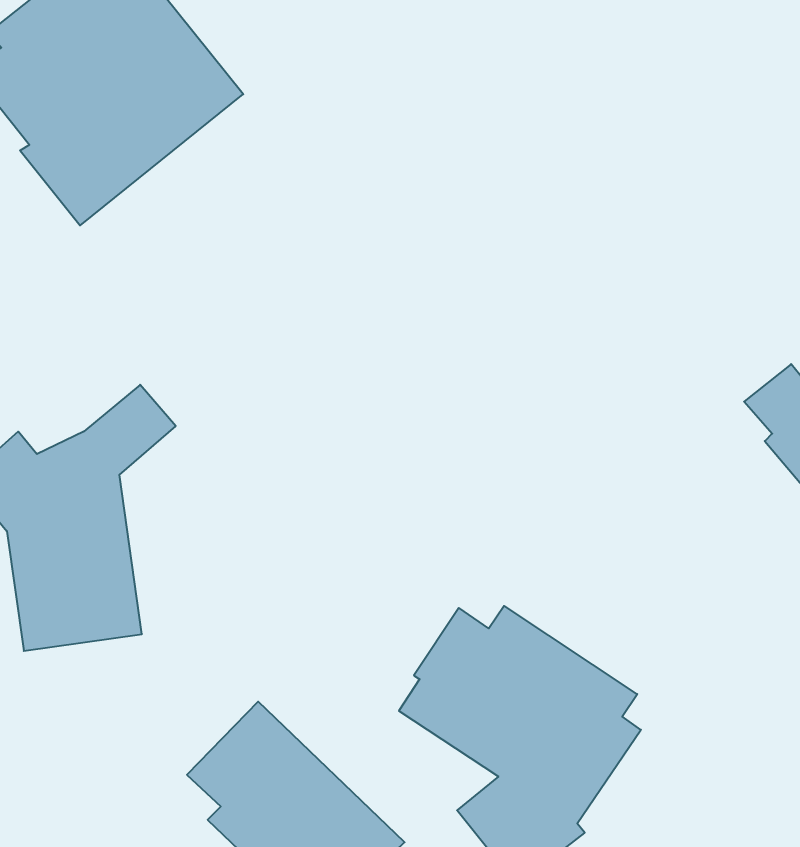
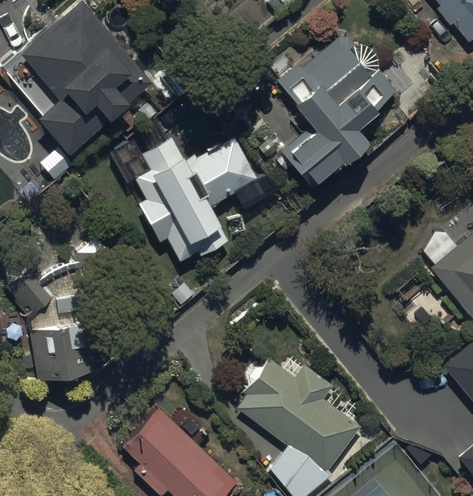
building: none -> [279,39,396,186]
building: none -> [134,137,259,262]

